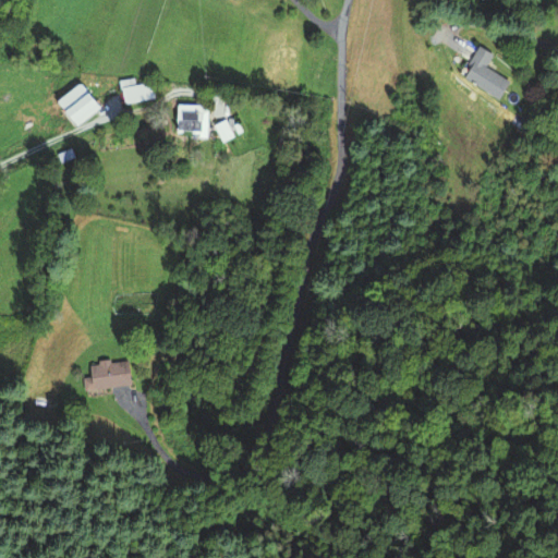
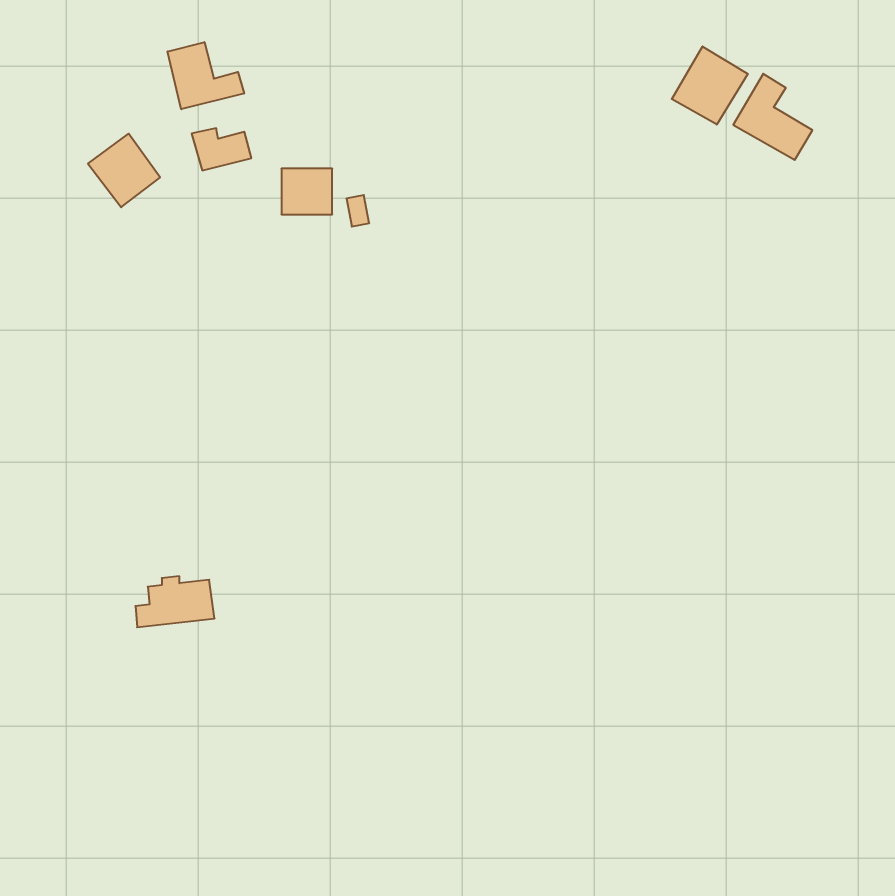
building: none -> [168,42,244,109]
building: none -> [672,46,748,125]

